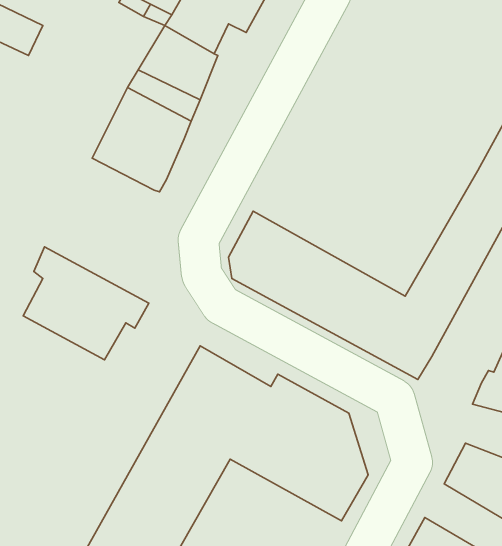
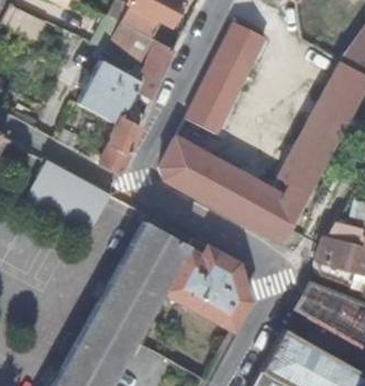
building: none -> [188,22,265,132]
building: none -> [135,39,176,101]
building: none -> [101,117,141,175]

